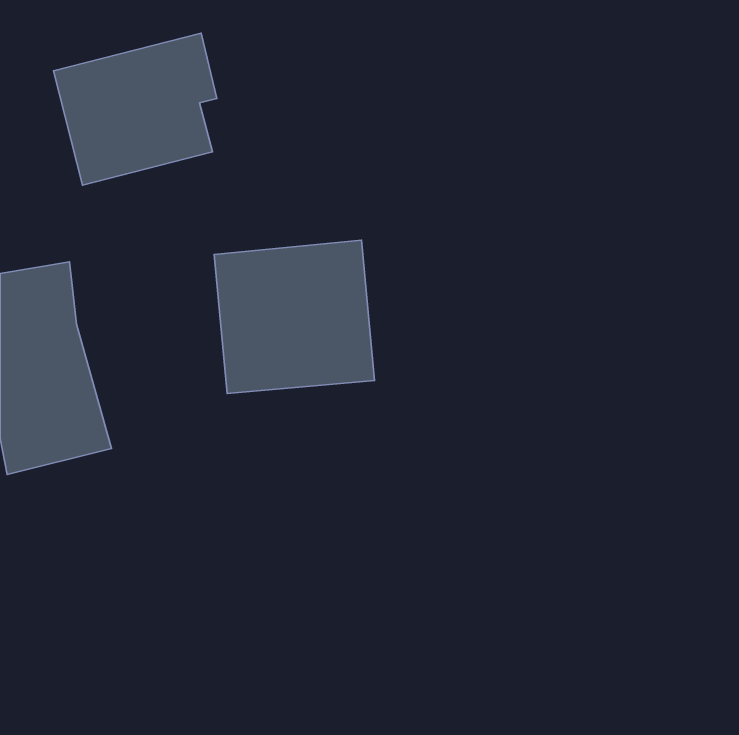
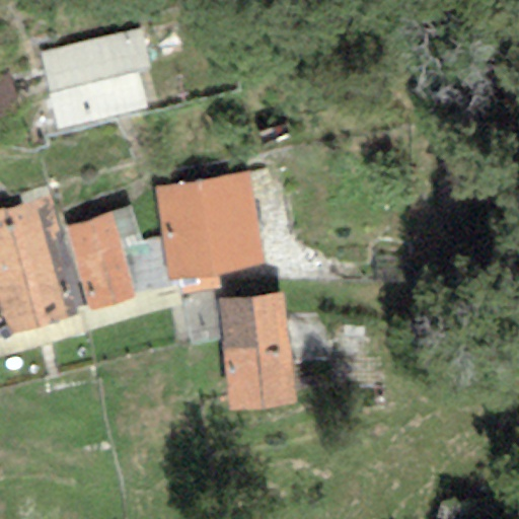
building: none -> [54,214,138,317]
building: none -> [214,292,297,417]

